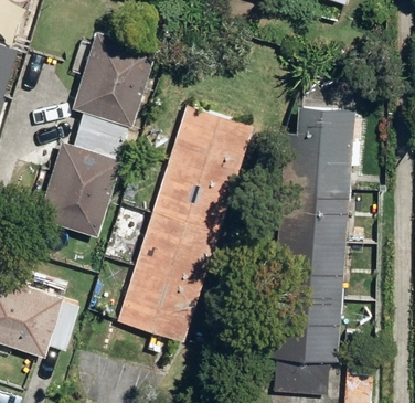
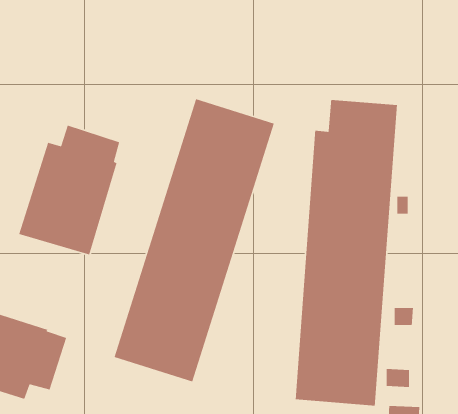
building: [74,32,156,142] -> none

